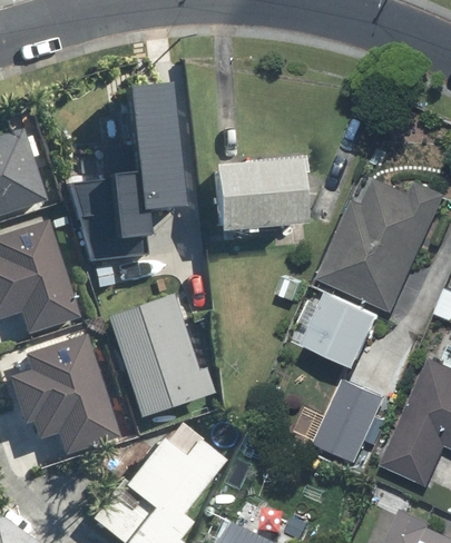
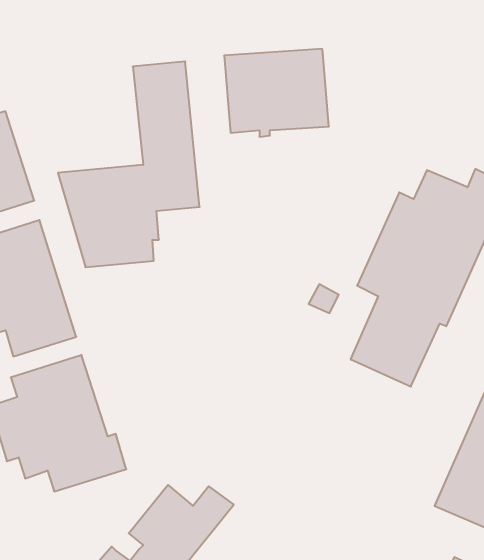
building: [213,159,302,234] -> [224,49,329,137]
building: [105,296,212,417] -> none
building: [316,378,386,465] -> none

